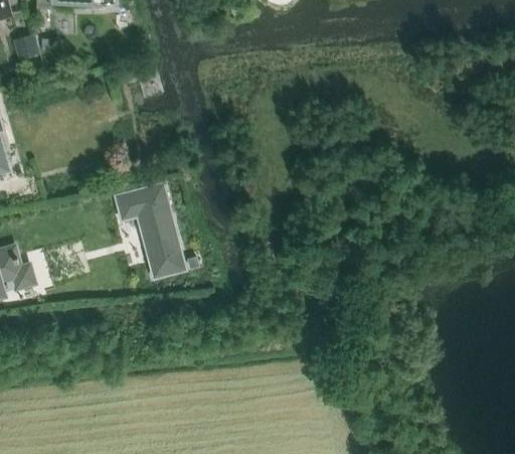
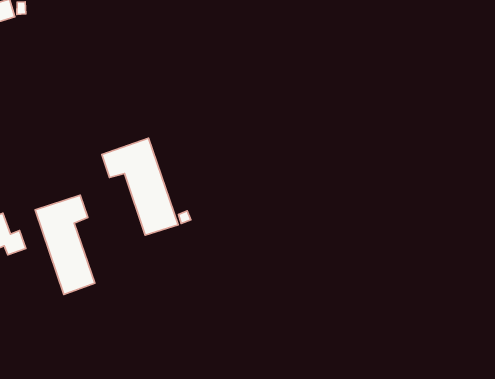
building: none -> [35,195,95,294]

